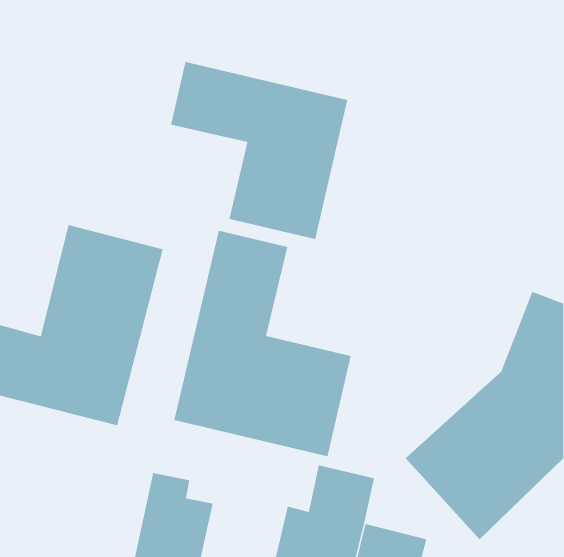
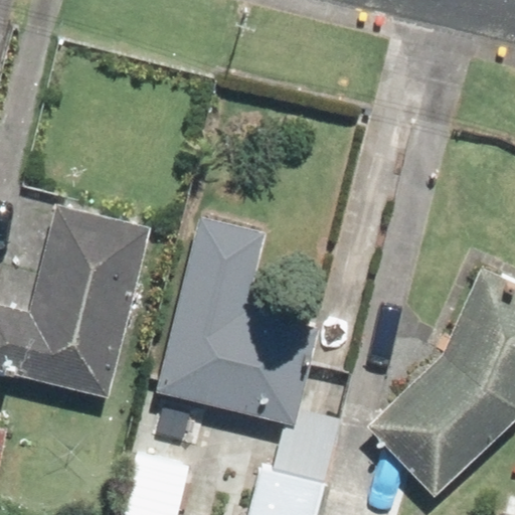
building: [170,61,348,240] -> none

